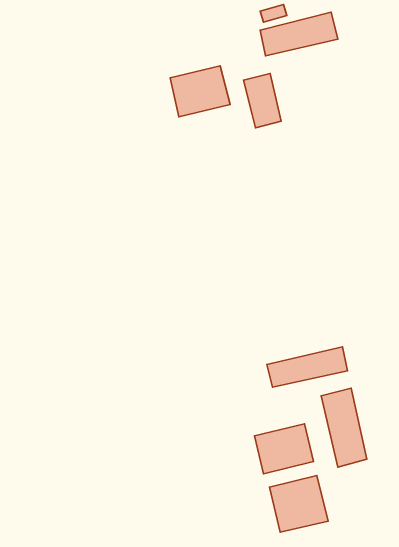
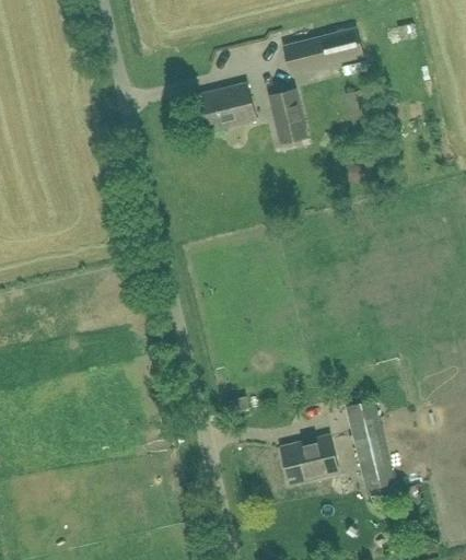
building: [267,347,348,387] -> none
building: [269,475,328,532] -> none

